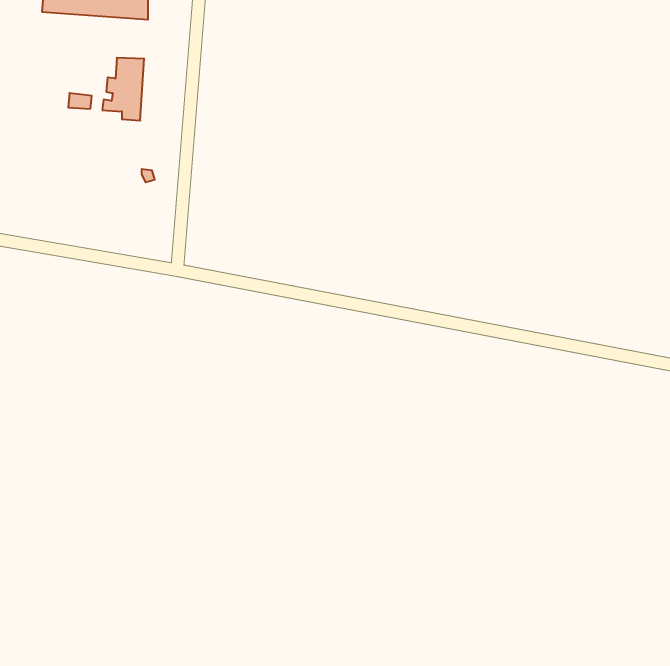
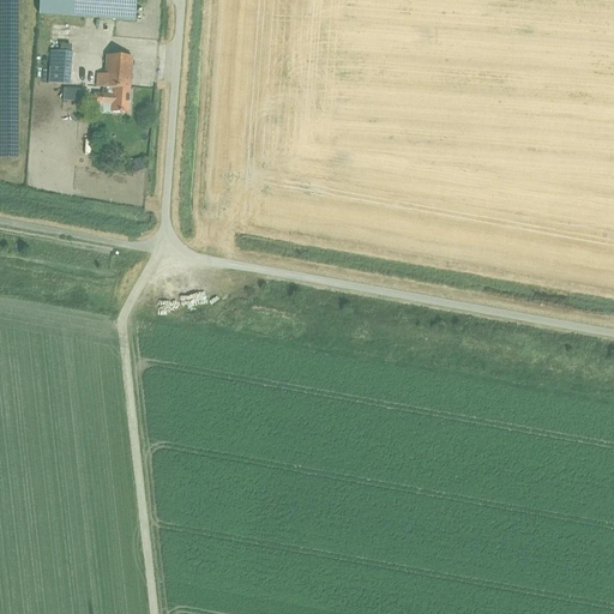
building: none -> [48,48,72,83]

